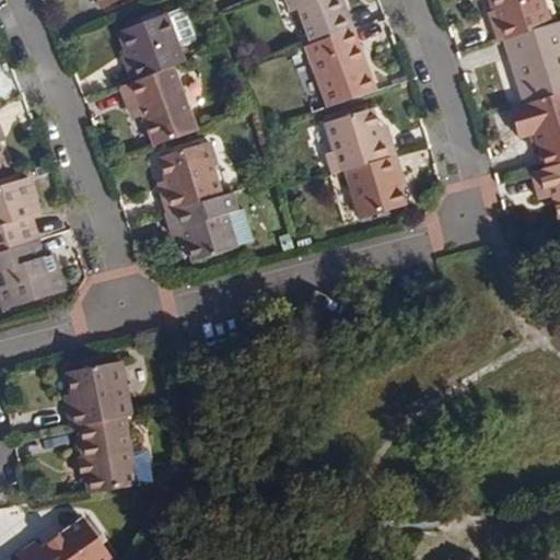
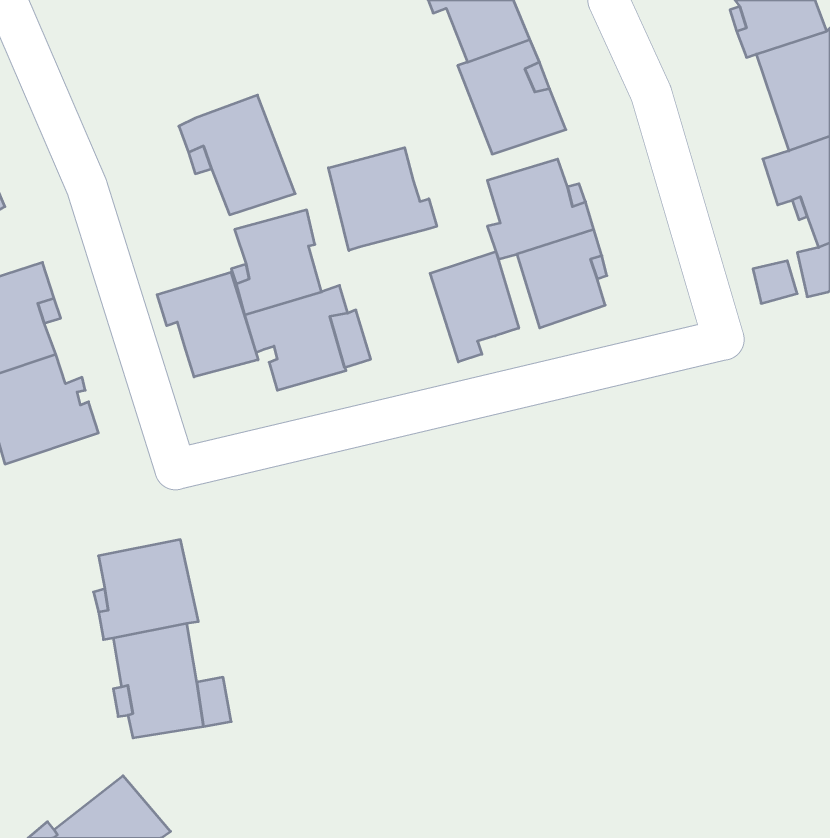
building: [117,10,184,79] -> none
building: none -> [328,148,437,251]
building: none -> [430,251,519,362]
building: none -> [157,272,258,377]

